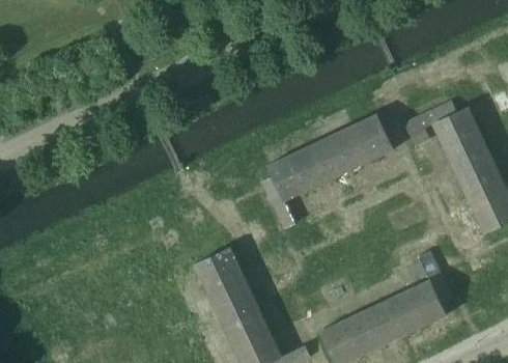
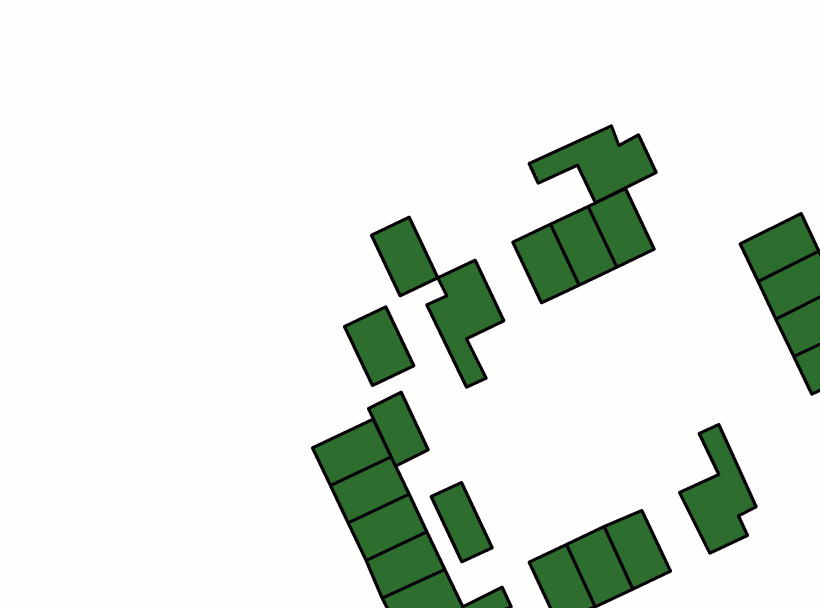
building: [404,102,478,146] -> [529,126,656,203]
building: [289,145,328,191] -> [372,217,438,296]
building: none -> [344,307,414,385]
building: none -> [368,392,428,466]
building: none -> [431,483,492,562]
building: [386,290,425,336] -> none

